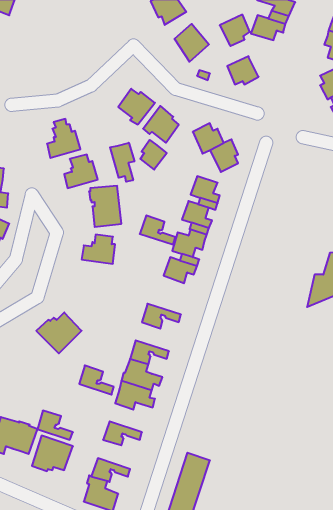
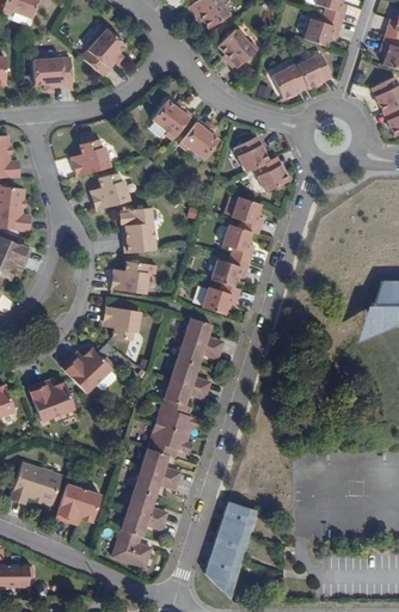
building: [220,15,250,46] -> [296,53,330,87]
building: none -> [81,26,125,75]
building: none -> [32,53,73,87]
building: [140,140,167,170] -> none
building: [110,143,134,182] -> none
building: [140,215,175,245] -> [184,317,223,349]
building: none -> [104,305,140,339]
building: none -> [171,357,210,390]
building: none -> [29,381,74,420]
building: [79,365,114,395] -> [142,447,180,479]
building: [37,411,73,440] -> [129,488,168,520]

